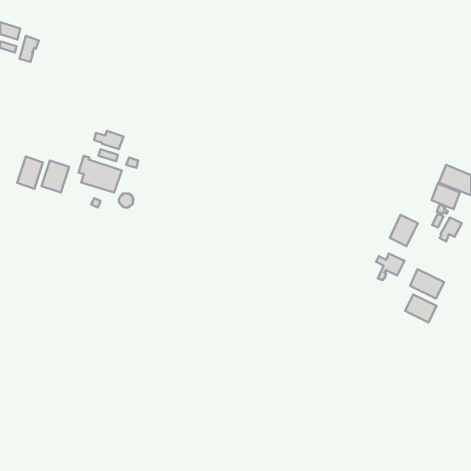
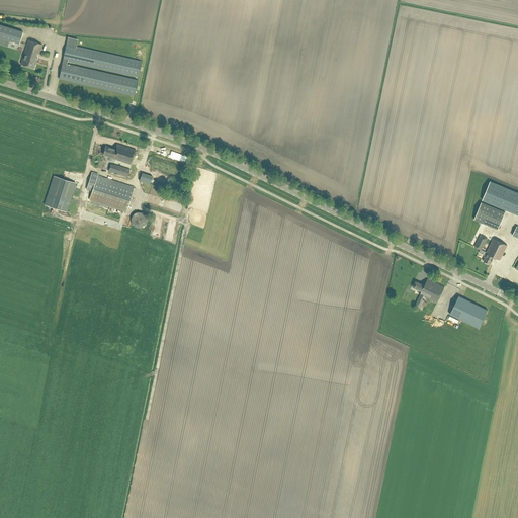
building: none -> [58,36,142,101]
building: [17,157,43,189] -> none
building: [390,215,418,246] -> none
building: [405,294,436,322] -> none

